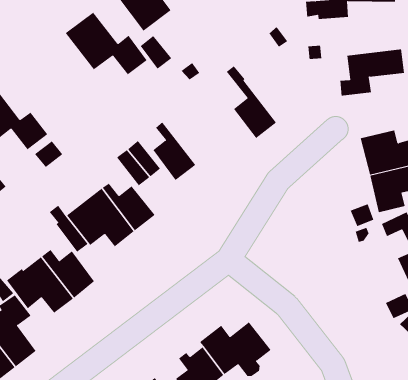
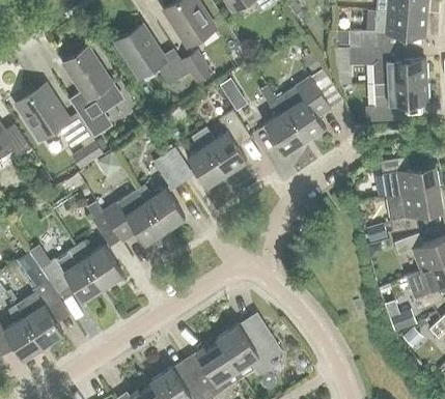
building: none -> [350,49,425,84]
building: none -> [62,48,119,137]
building: none -> [277,77,333,141]
building: none -> [198,111,251,174]

